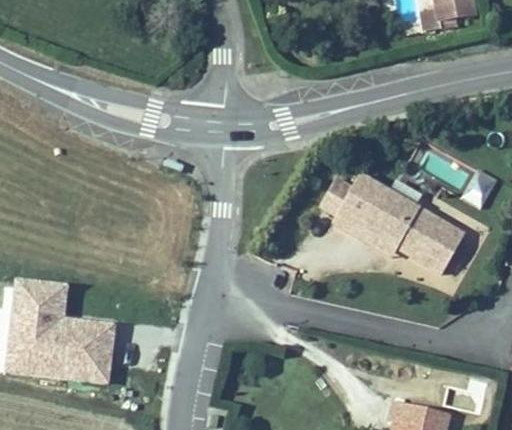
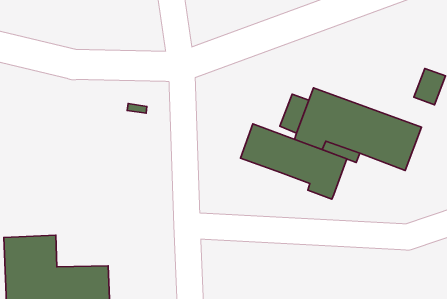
building: none -> [241,124,347,199]

